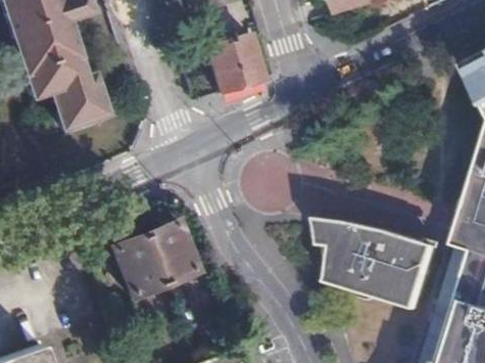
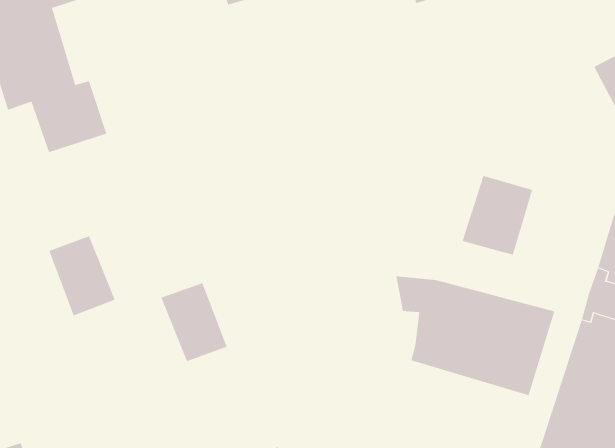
building: [205,37,259,94] -> none
building: none -> [462,175,533,256]
building: [112,236,162,297] -> [49,236,115,316]

